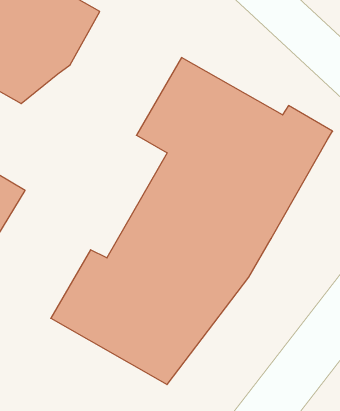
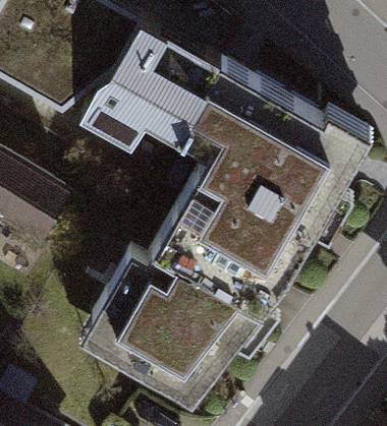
building: none -> [73,19,215,150]

